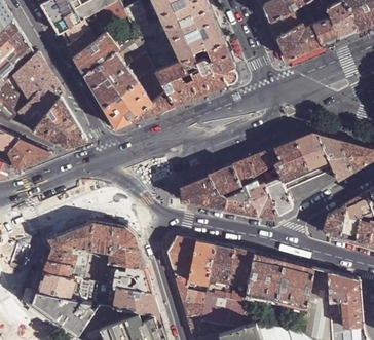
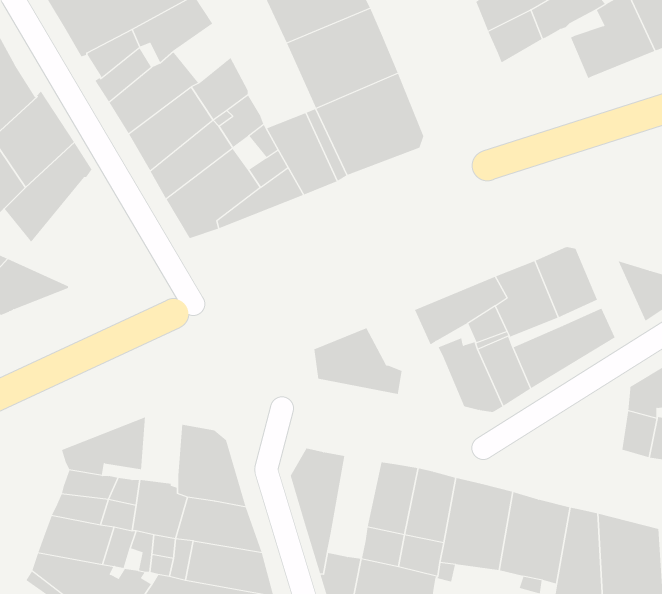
building: [277,25,323,61] -> none
building: [33,98,87,149] -> none
building: [316,135,352,181] -> none
building: [208,166,240,195] -> none
building: [224,190,258,217] -> none
building: [322,206,344,239] -> none
building: [90,222,111,253] -> none
building: [189,242,215,287] -> none

